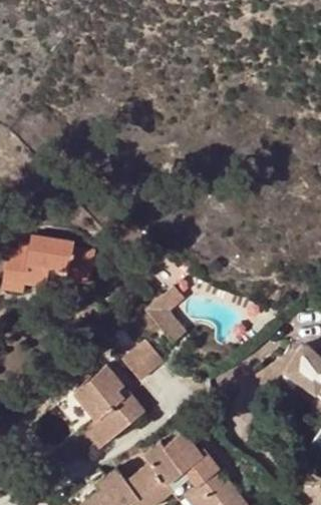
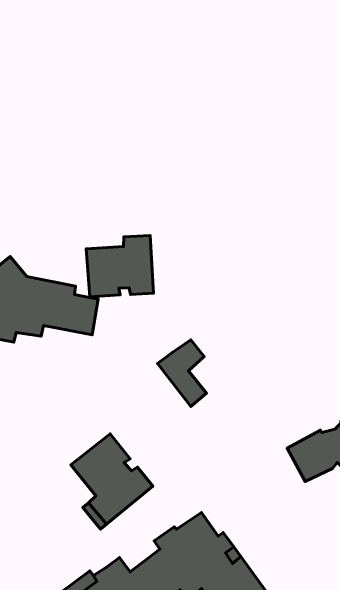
building: none -> [86,235,153,297]
building: [123,340,165,381] -> none

